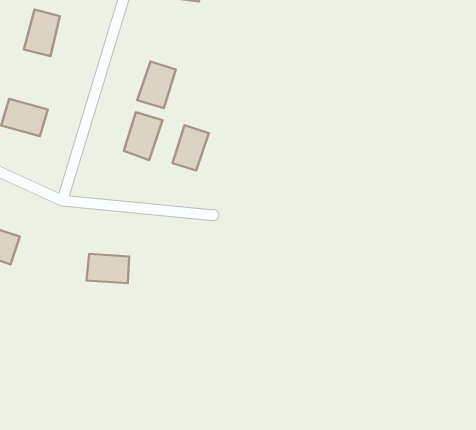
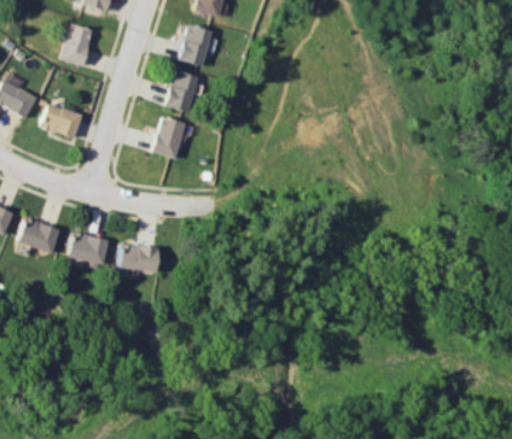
building: none -> [181,25,214,68]
building: [172,125,209,171] -> none
building: none -> [66,232,109,268]

